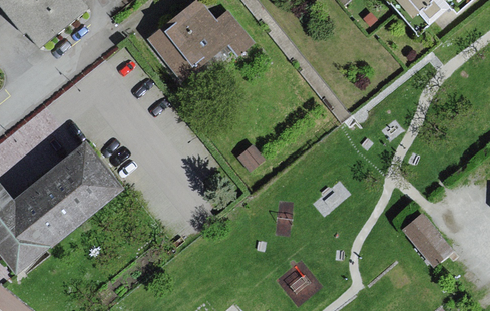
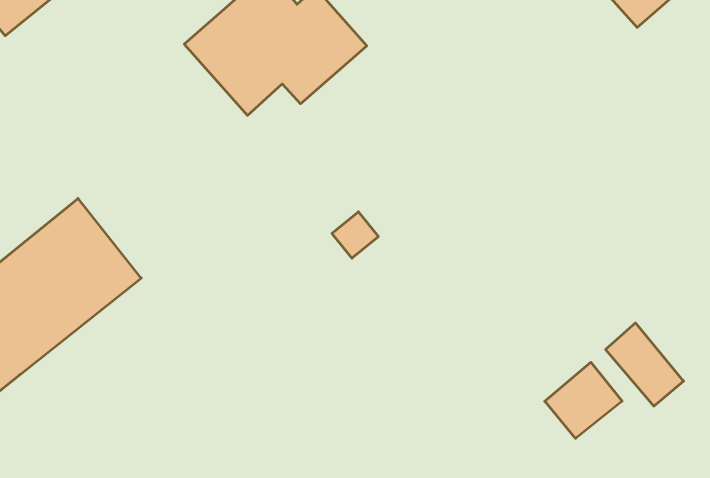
building: none -> [545,362,622,438]

